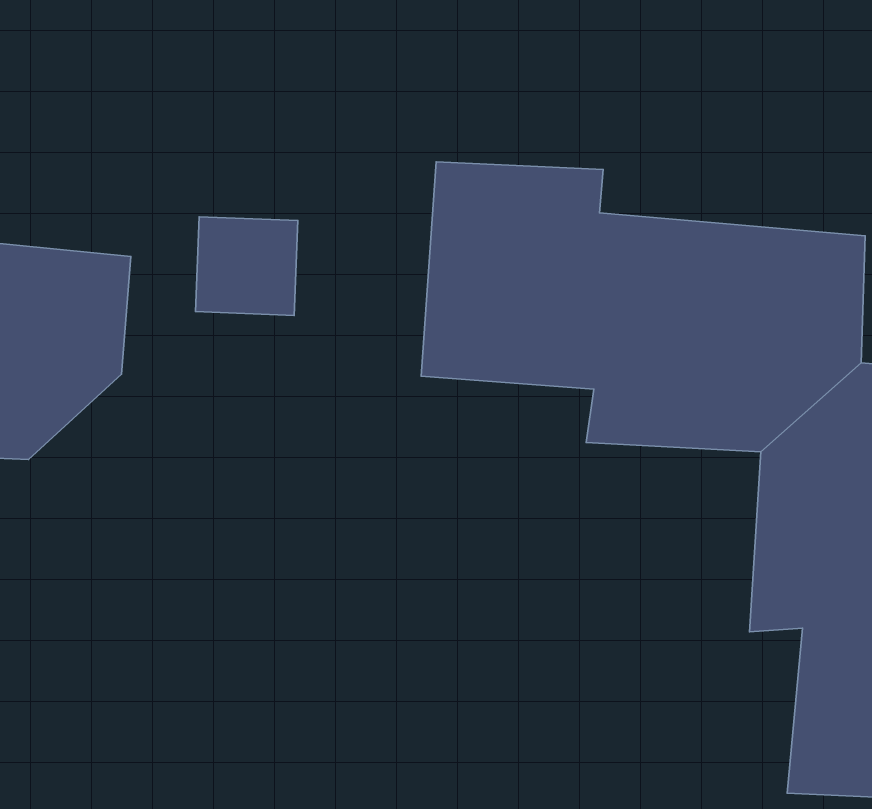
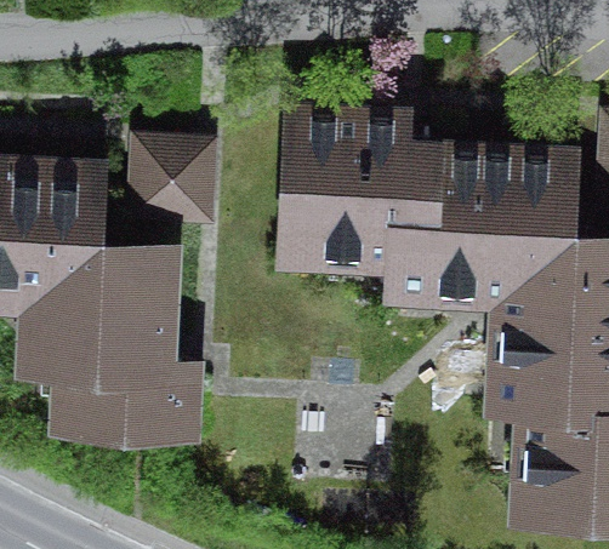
building: none -> [29,251,193,436]

